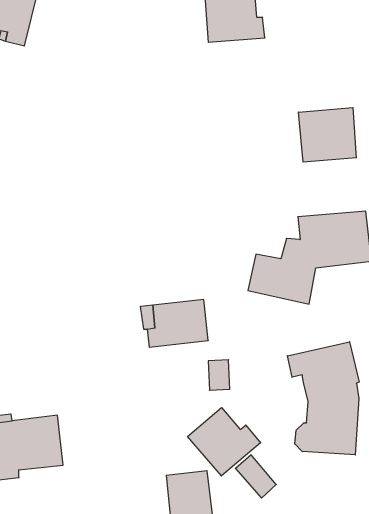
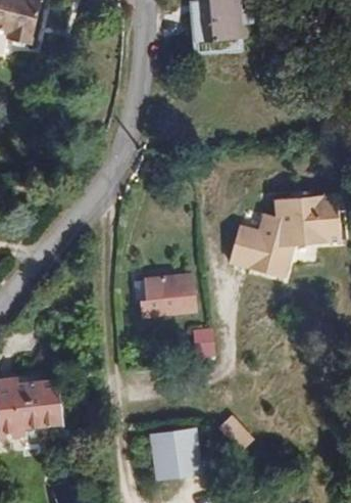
building: [298,108,356,162] -> none
building: [287,342,359,455] -> none
building: [188,408,261,476] -> none

